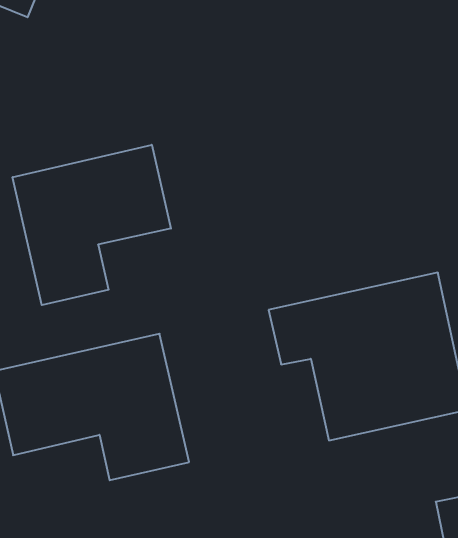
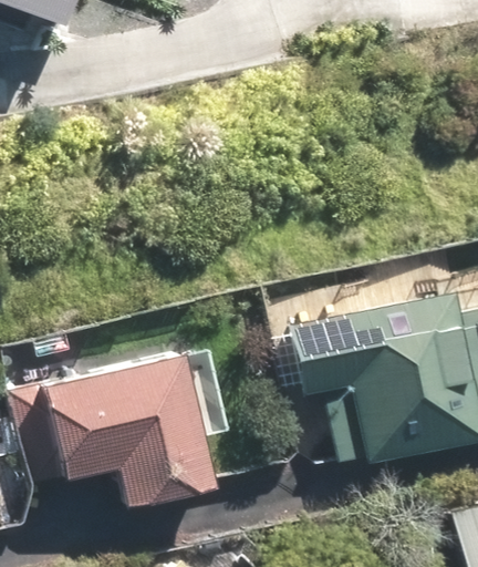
building: [13,145,171,305] -> none

